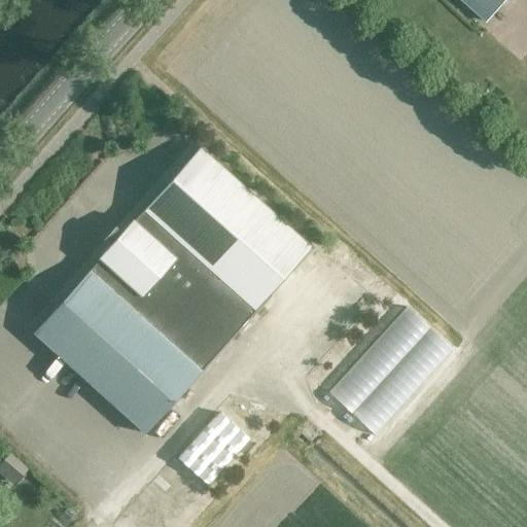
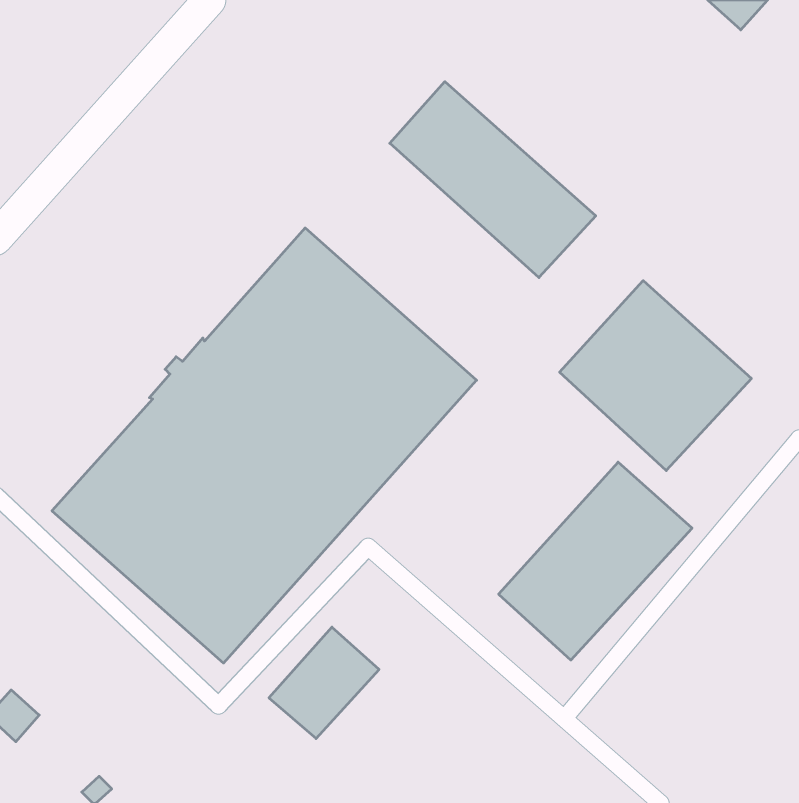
building: none -> [390,82,596,278]
building: none -> [560,281,751,471]

